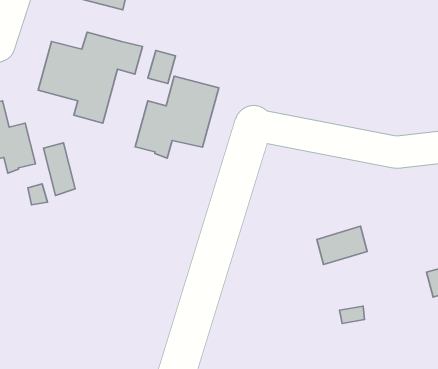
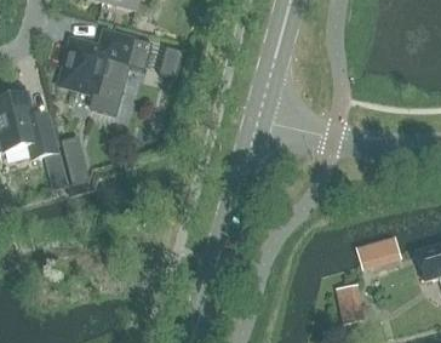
building: [135,76,219,158] -> none
building: [317,226,367,265] -> [355,236,401,271]

